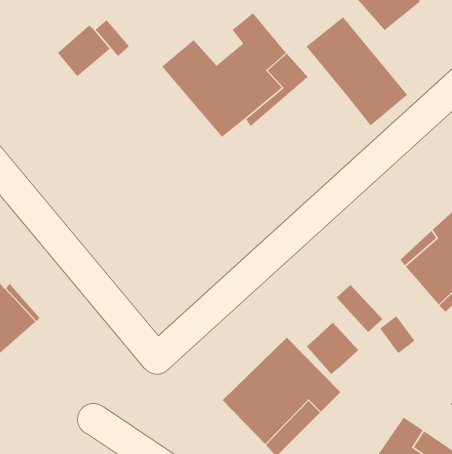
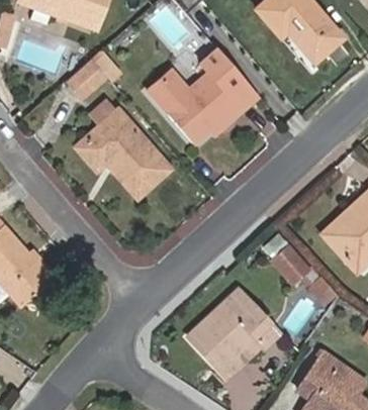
building: [306,16,408,126] -> none
building: none -> [79,108,174,197]
building: [306,322,359,375] -> none

